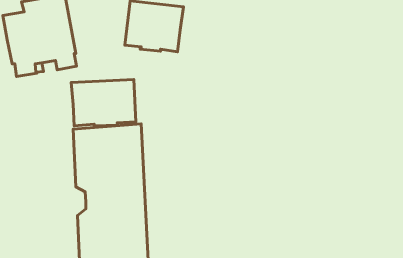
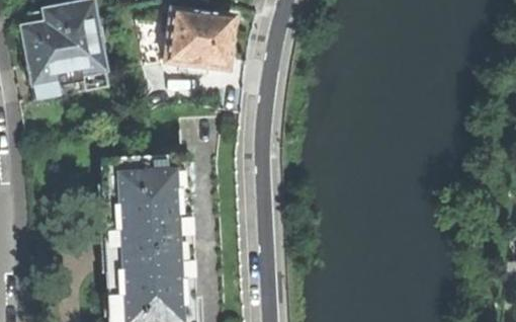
building: [71,79,136,126] -> none

